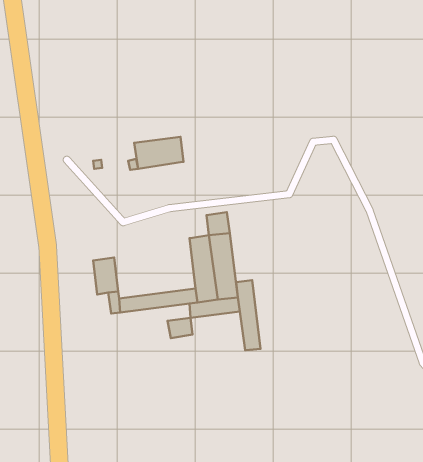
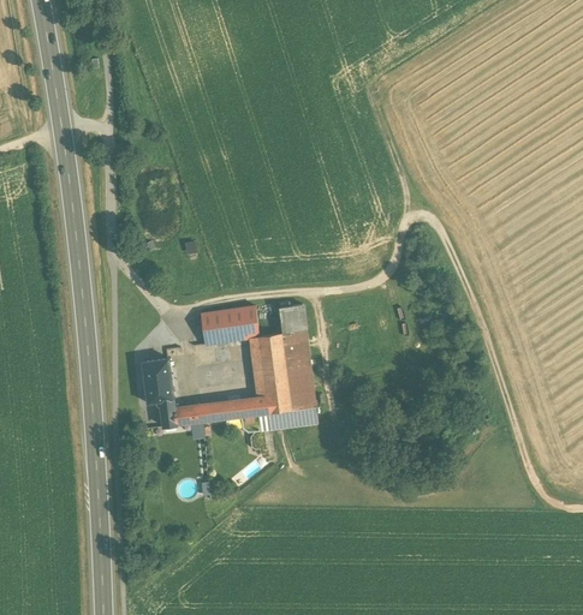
building: [134,137,184,169] -> [200,305,258,344]
building: [236,280,260,350] -> none
building: [167,318,193,338] -> none

